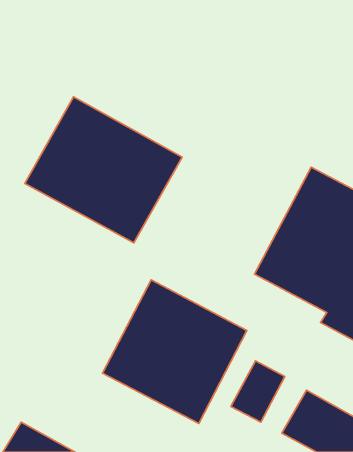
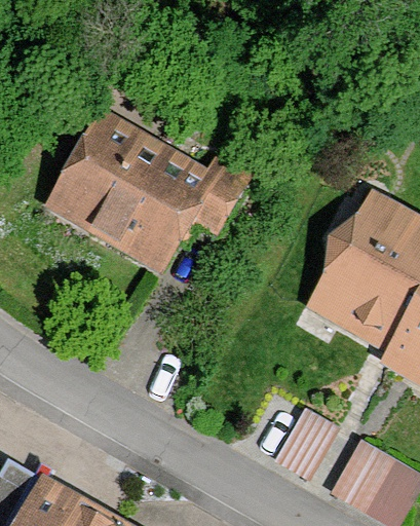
building: [103,280,247,423] -> none

